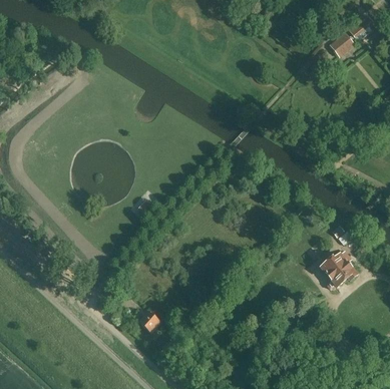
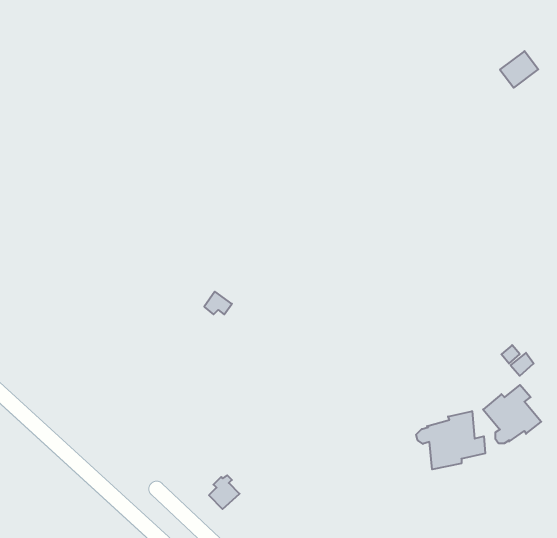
building: none -> [416,411,485,469]

